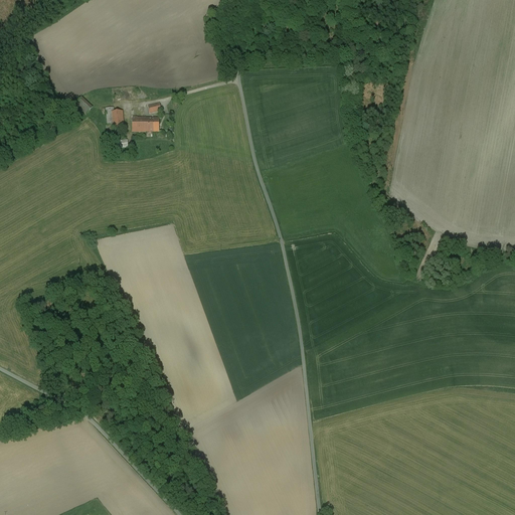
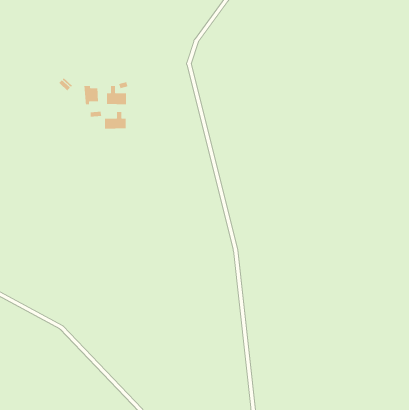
building: none -> [104,111,126,129]

